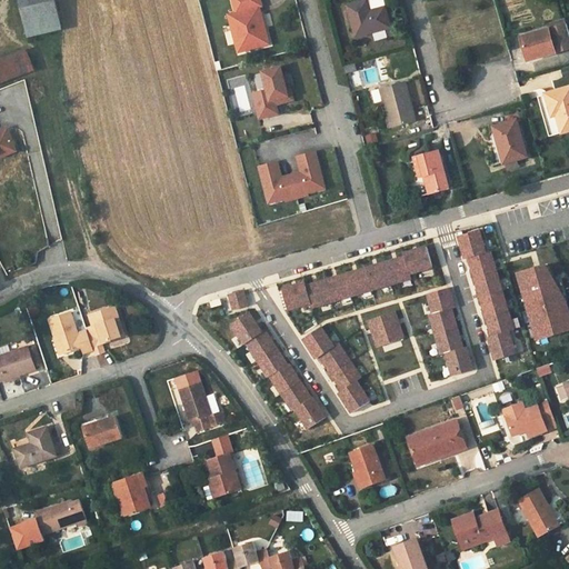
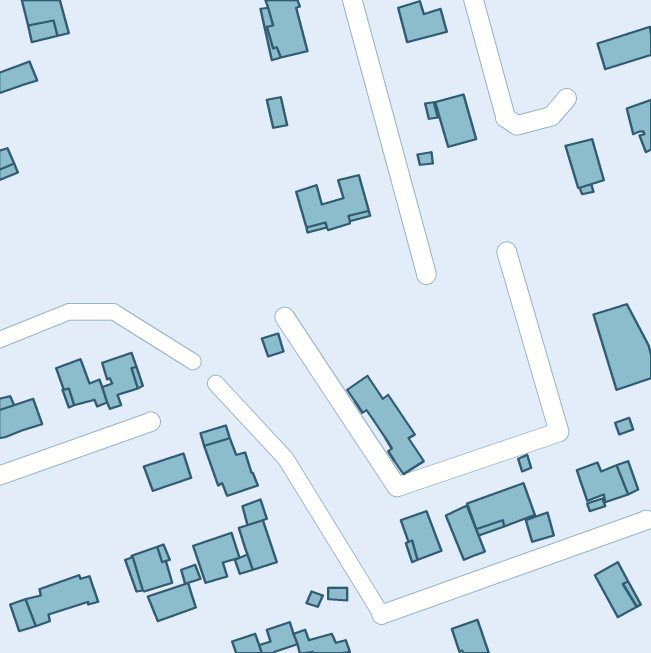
building: [252,68,291,118] -> none
building: [412,150,449,194] -> none
building: [458,230,516,360] -> none
building: [281,247,432,310] -> none
building: [427,288,472,376] -> none
building: [368,311,403,348] -> none
building: [231,312,326,429] -> none
building: [81,416,122,448] -> [144,454,191,491]
building: [14,427,56,467] -> none
building: none -> [446,505,485,560]
building: none -> [193,533,239,583]
building: none -> [148,583,196,621]
building: [452,511,506,548] -> none

